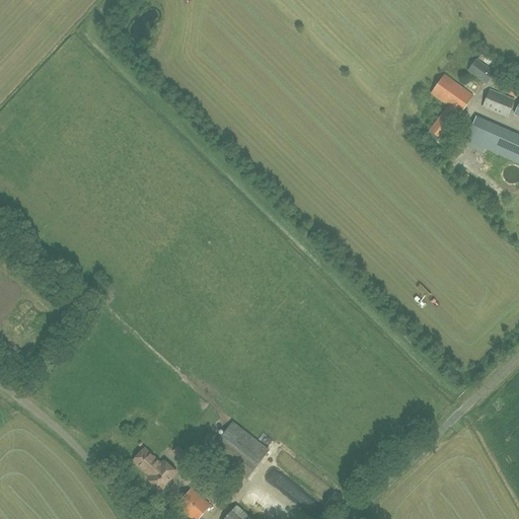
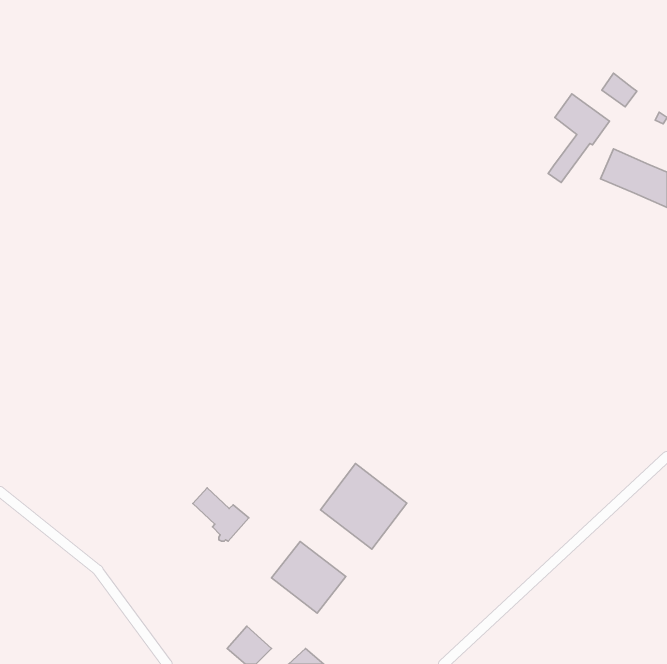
building: [483,88,514,116] -> none
building: none -> [321,464,407,549]
building: [133,447,176,489] -> [193,488,249,541]

